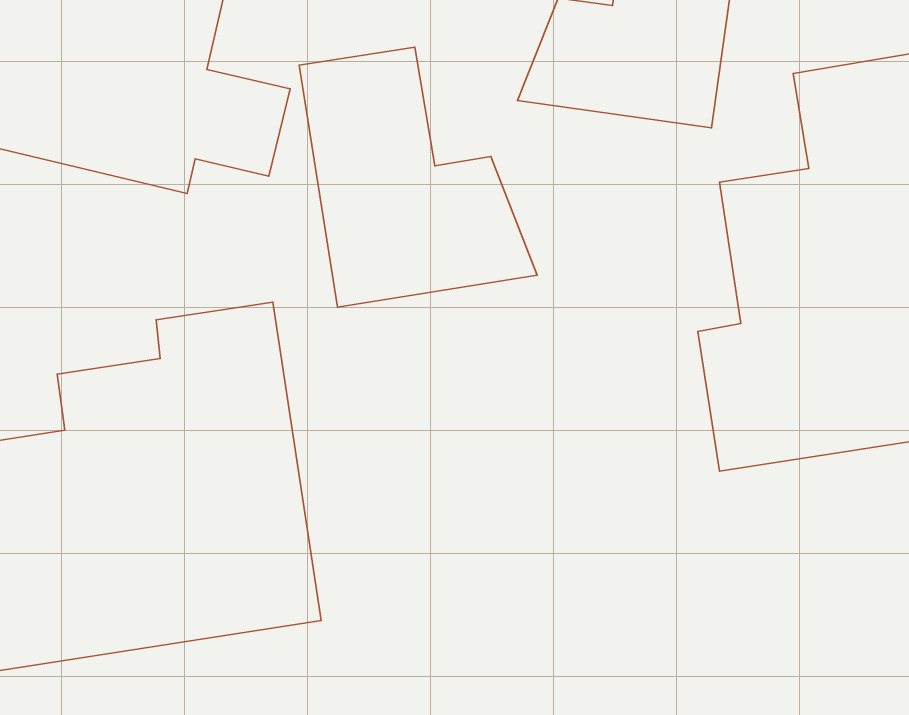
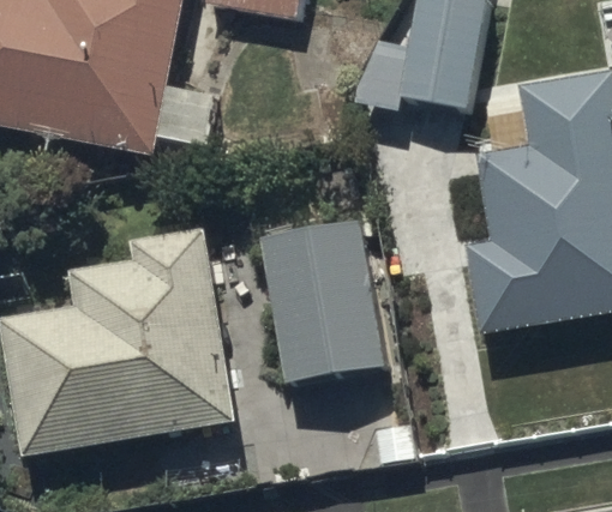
building: [299,47,537,307] -> none
building: none -> [262,221,391,387]

